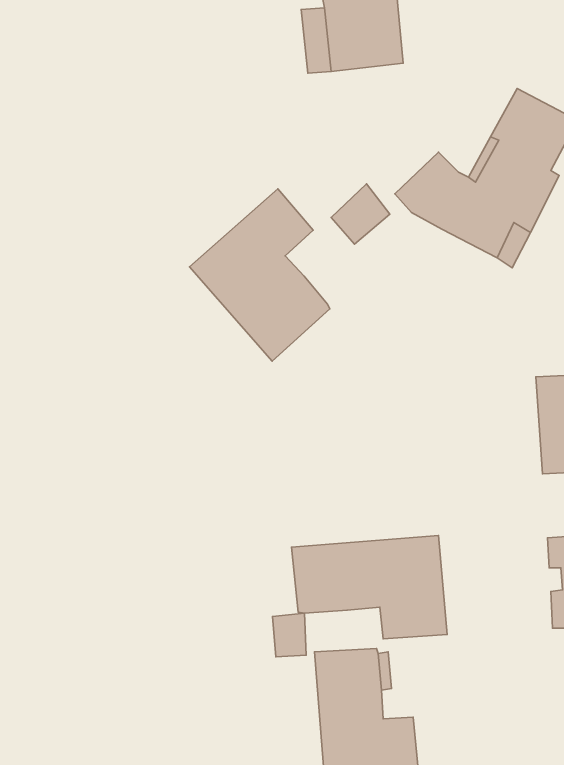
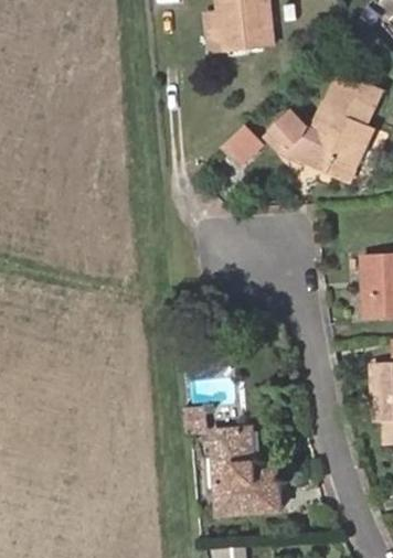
building: [190,189,330,361] -> none
building: [291,535,447,639] -> none

